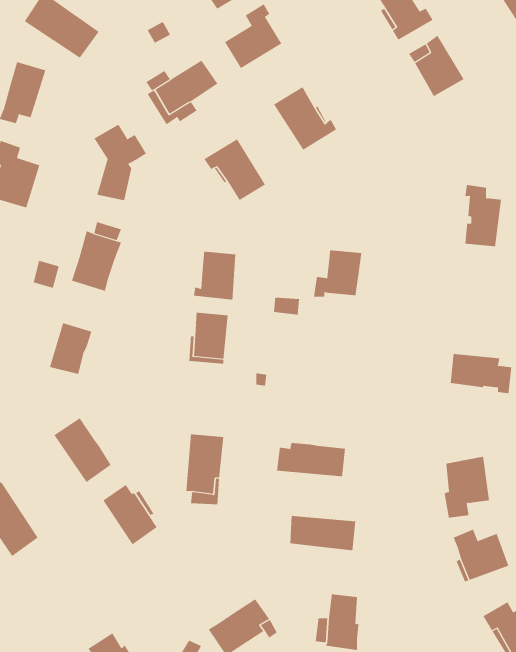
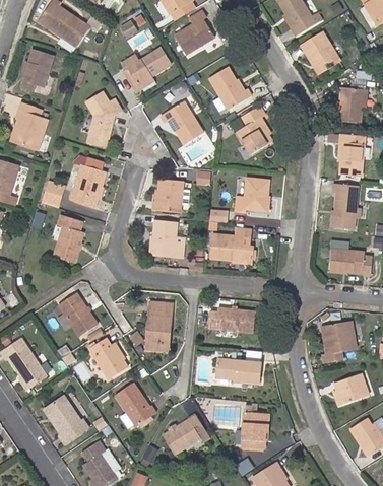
building: none -> [336,85,361,122]
building: none -> [238,106,272,154]
building: none -> [332,184,358,229]
building: none -> [208,228,253,262]
building: none -> [115,383,156,427]
building: none -> [45,394,90,445]

